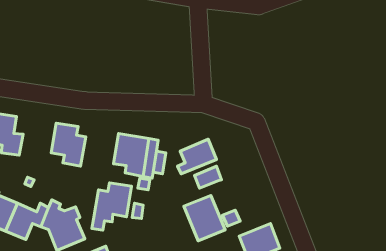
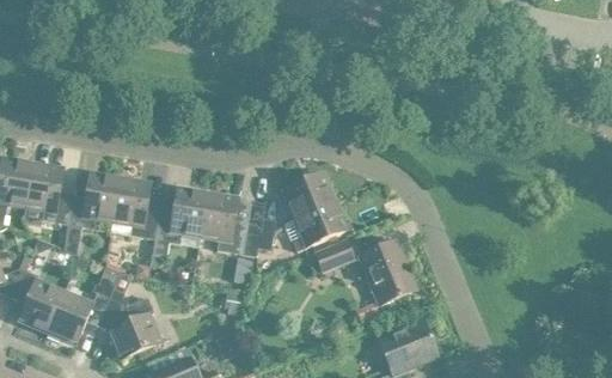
building: none -> [67,171,120,227]
building: none -> [283,171,335,217]
building: [92,183,131,230] -> [152,187,208,254]
building: [184,195,225,241] -> [359,238,417,303]

